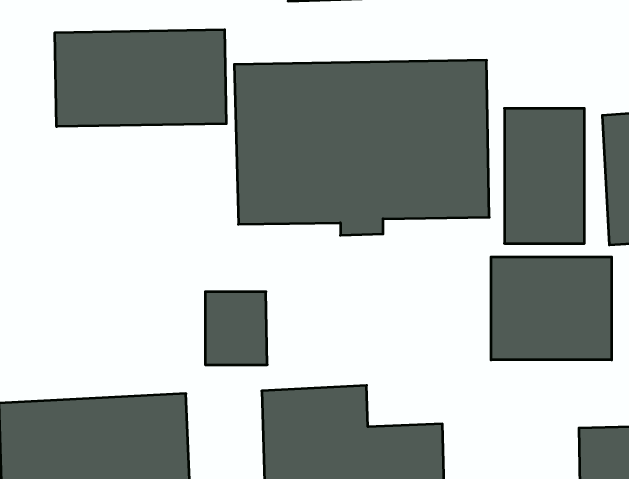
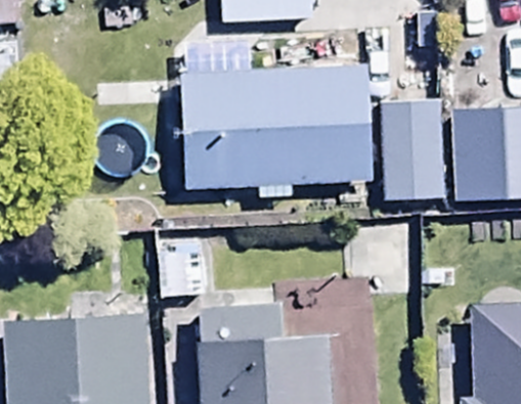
building: [55,30,226,127] -> none
building: [491,257,612,360] -> none

